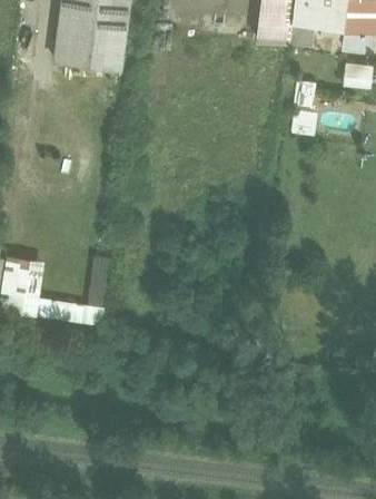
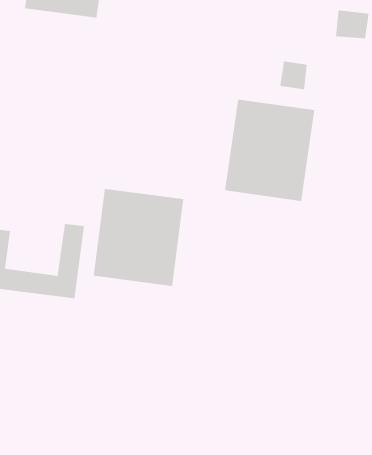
building: none -> [224,99,315,202]
building: none -> [93,188,184,287]

